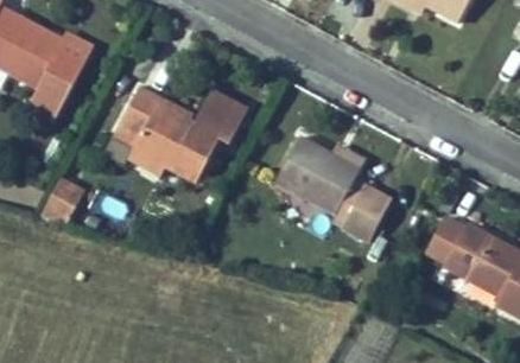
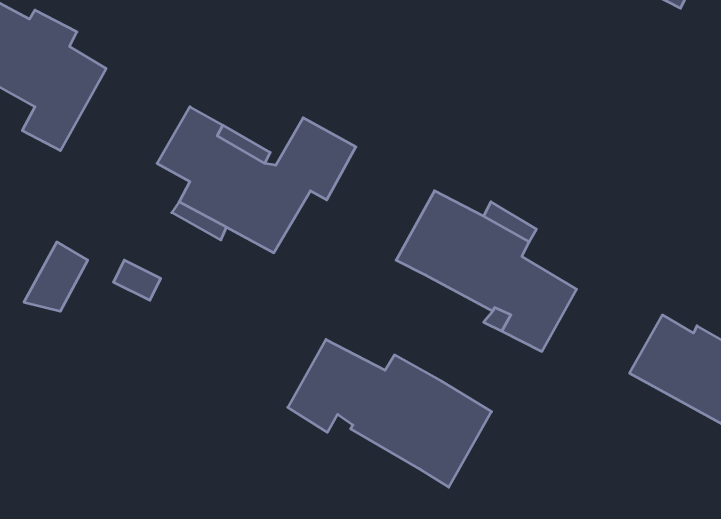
building: none -> [288,339,492,487]

